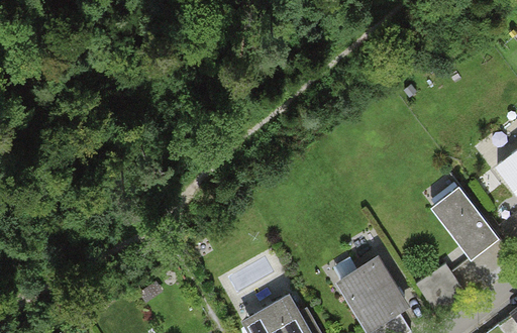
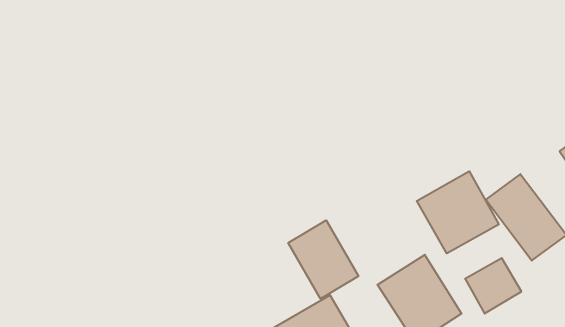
building: none -> [417,171,499,253]
building: none -> [288,220,358,299]

